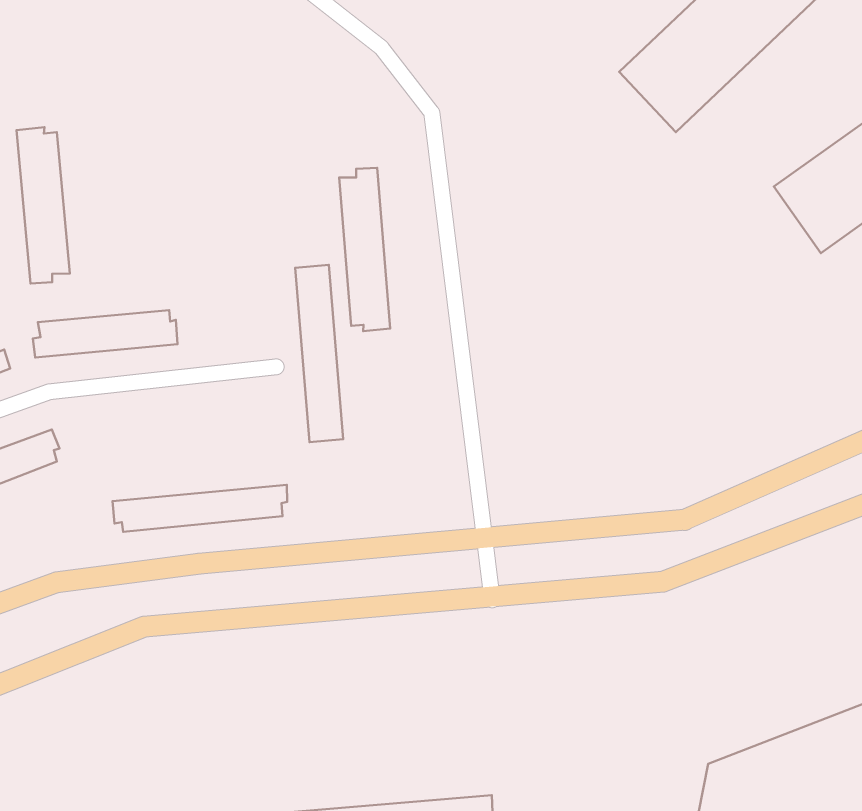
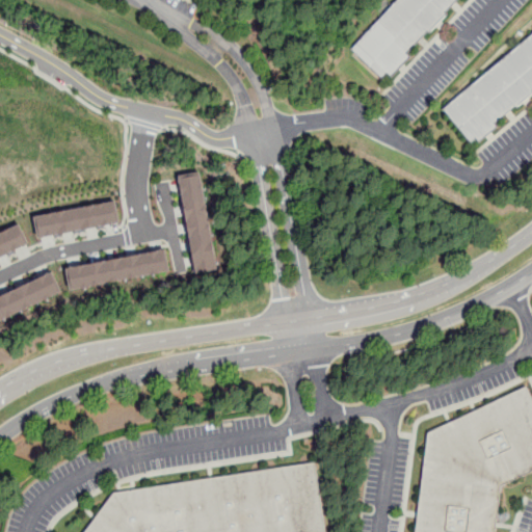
building: [16,127,70,284] -> none
building: [339,168,390,331] -> none
building: [112,485,287,532] -> [65,254,163,287]

